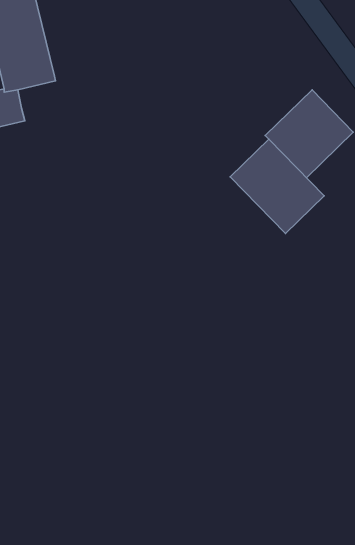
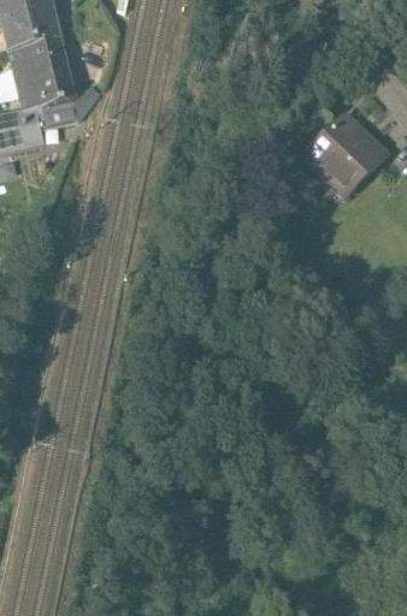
building: none -> [36,83,100,129]
building: [230,139,324,234] -> none

